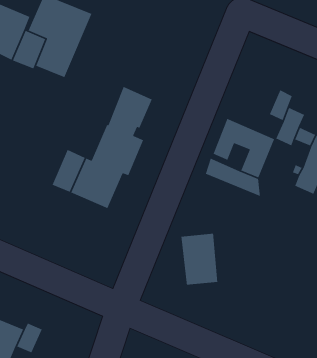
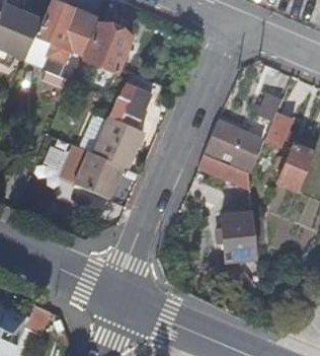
building: none -> [84,25,132,73]
building: [181,233,218,286] -> [222,214,256,263]

